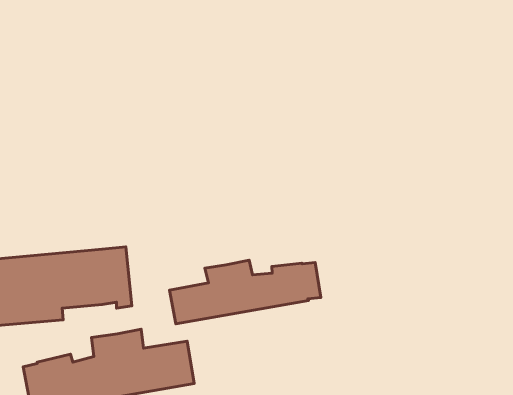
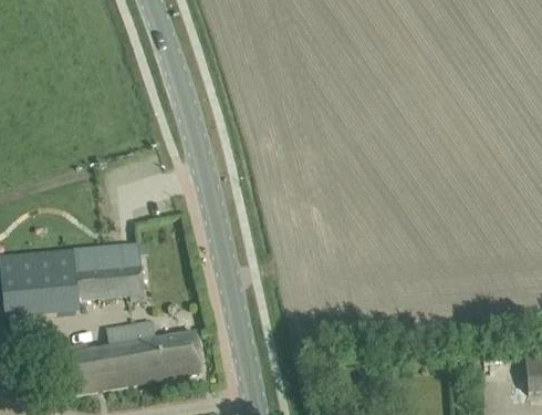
building: [170,260,321,324] -> none

